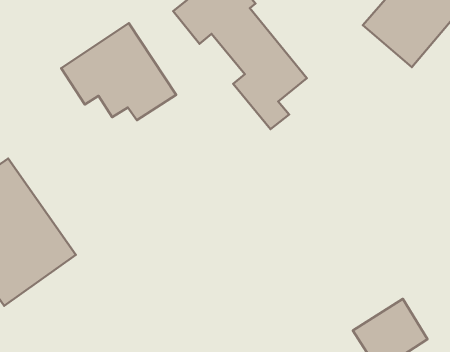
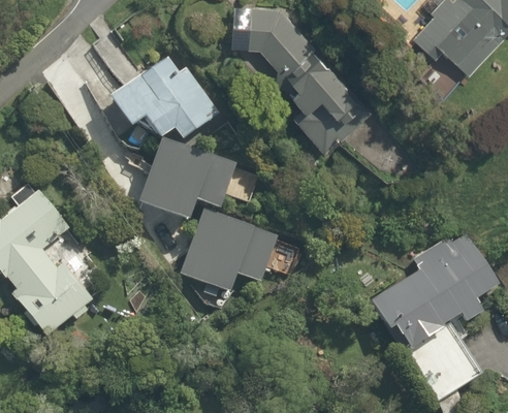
building: none -> [139,142,236,226]
building: none -> [182,214,279,297]
building: none -> [369,229,500,350]

